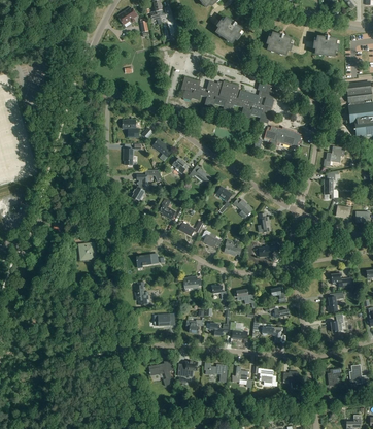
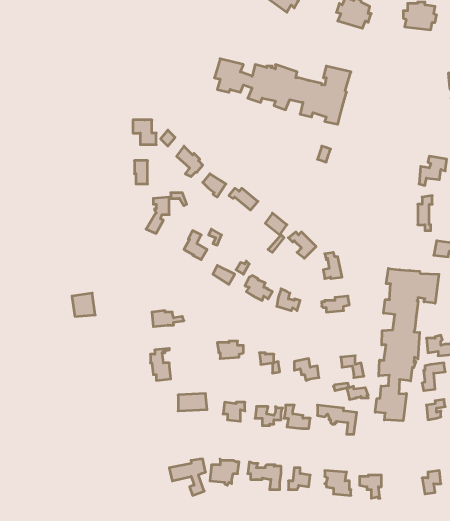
building: [264,126,302,147] -> none
building: none -> [375,268,439,421]

